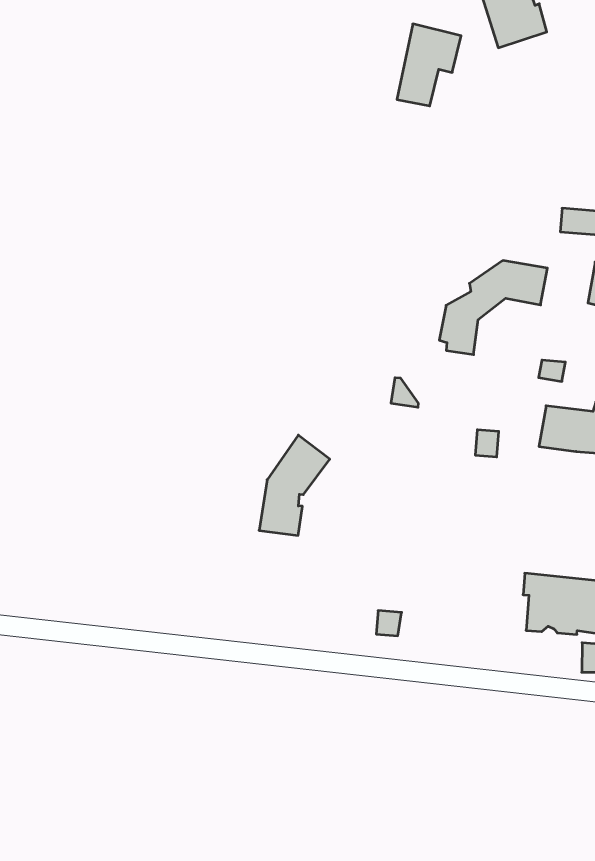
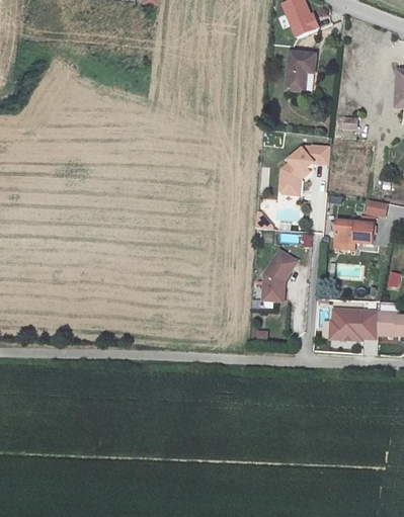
building: [397,24,461,106] -> [286,50,316,91]
building: [259,435,330,535] -> [262,247,296,298]

